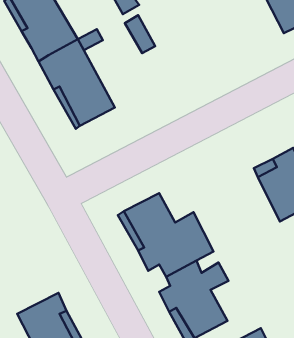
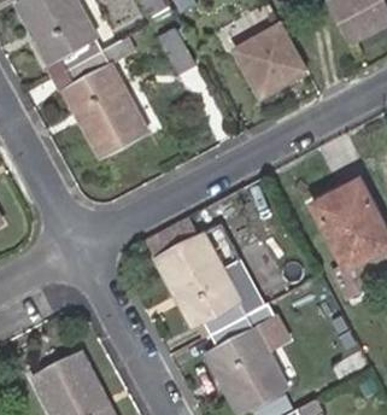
building: none -> [239,24,310,95]

